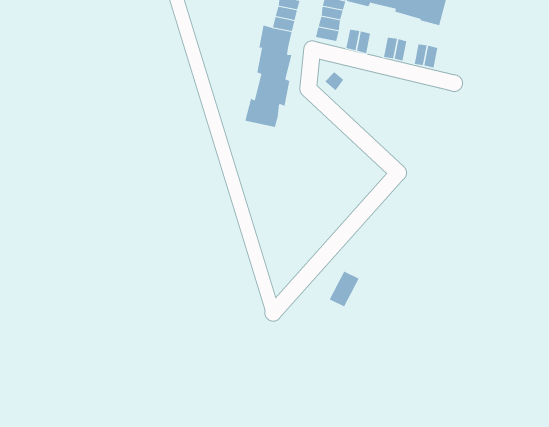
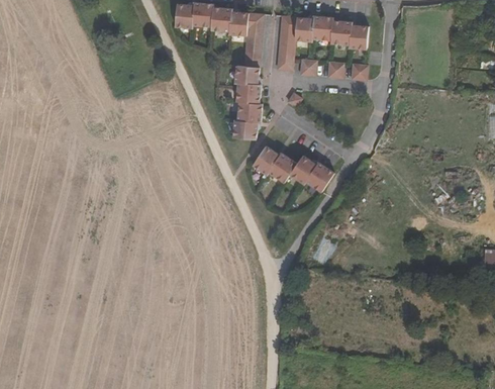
building: none -> [254,145,334,191]

